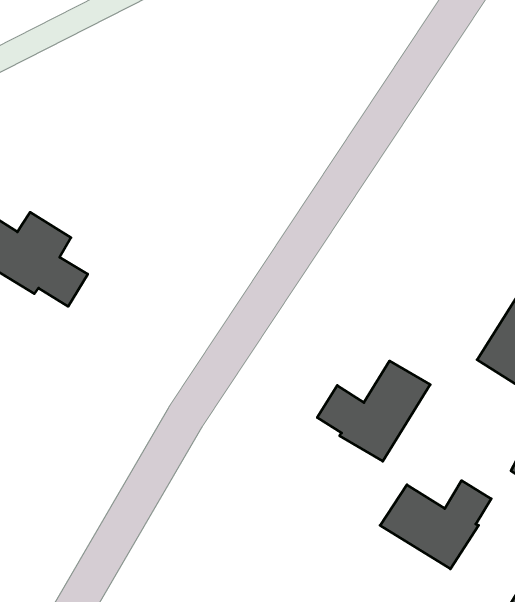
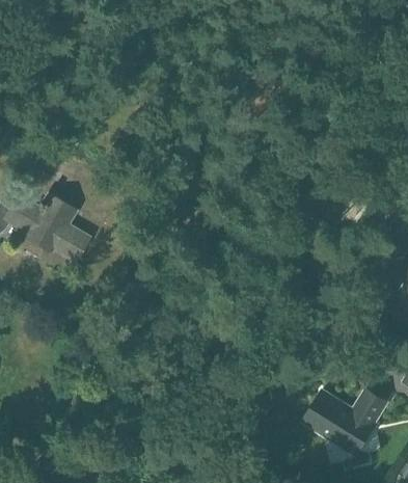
building: [317,361,430,461] -> none

